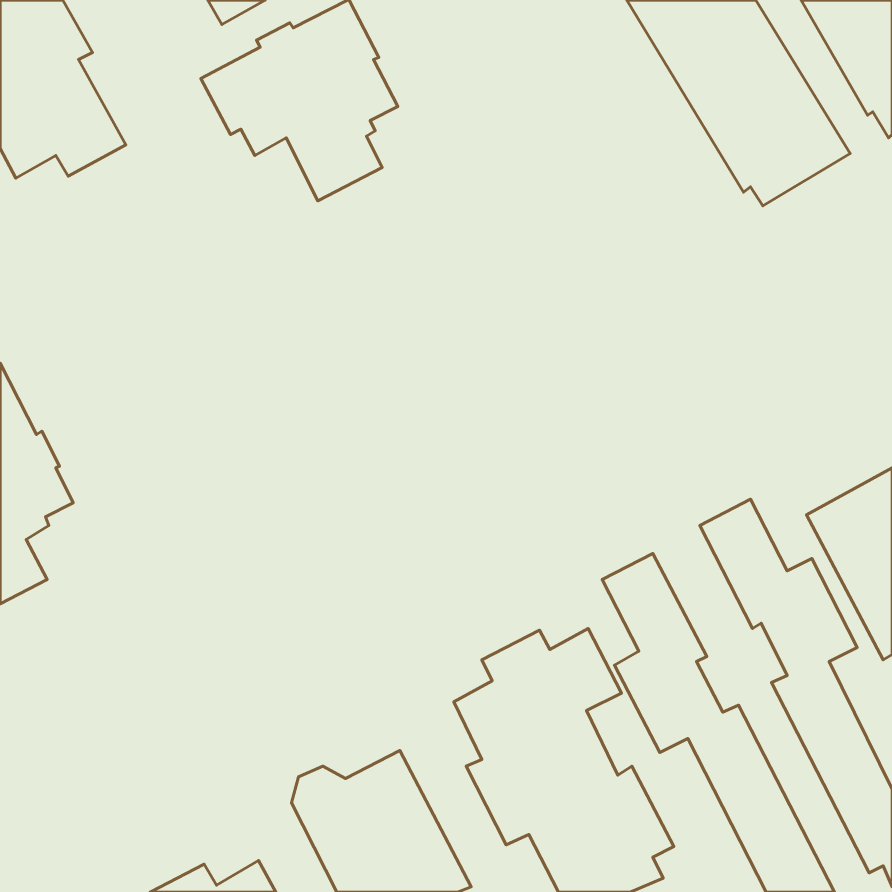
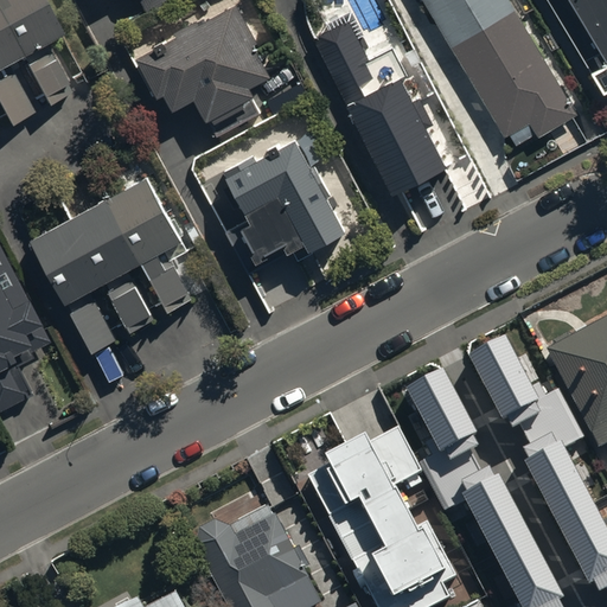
building: none -> [314,18,446,192]
building: none -> [228,142,343,260]
building: none -> [32,172,202,352]

